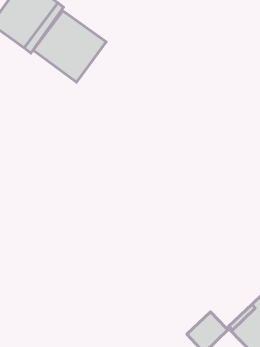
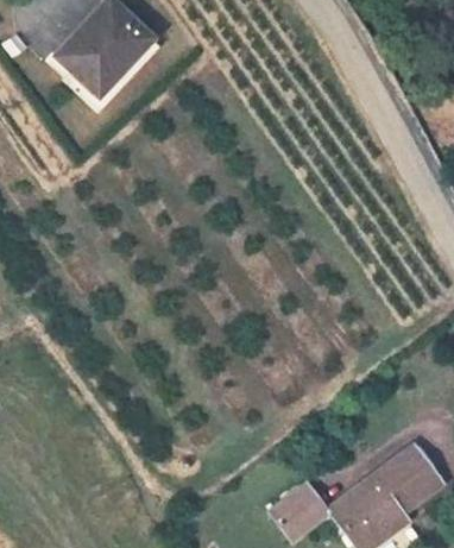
building: [33,11,106,82] -> none

